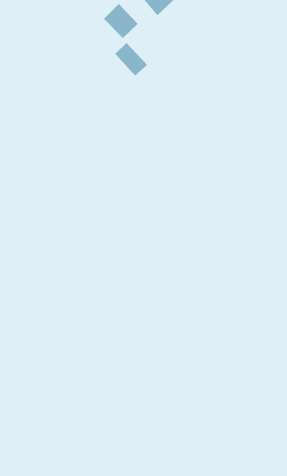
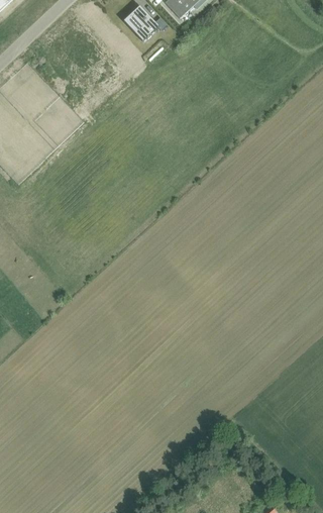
building: [114,42,148,77] -> none

